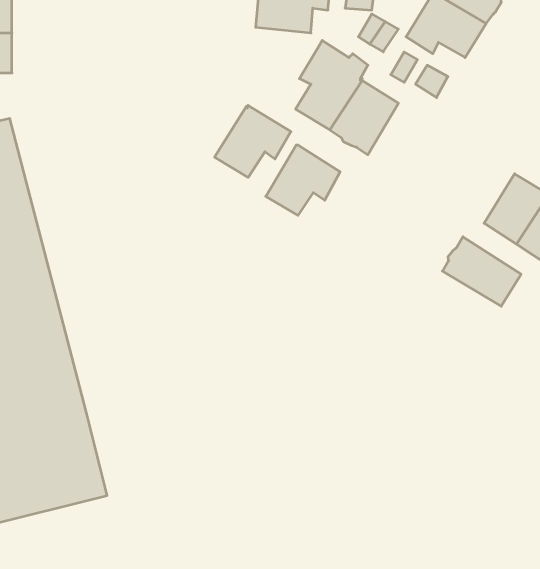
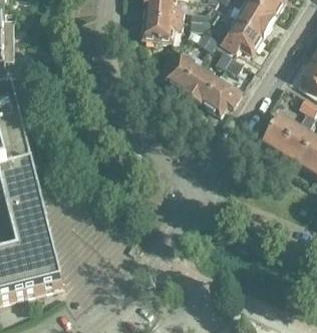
building: [215,105,291,177] -> none
building: [266,145,340,215] -> [201,78,240,115]
building: [442,237,521,306] -> none

